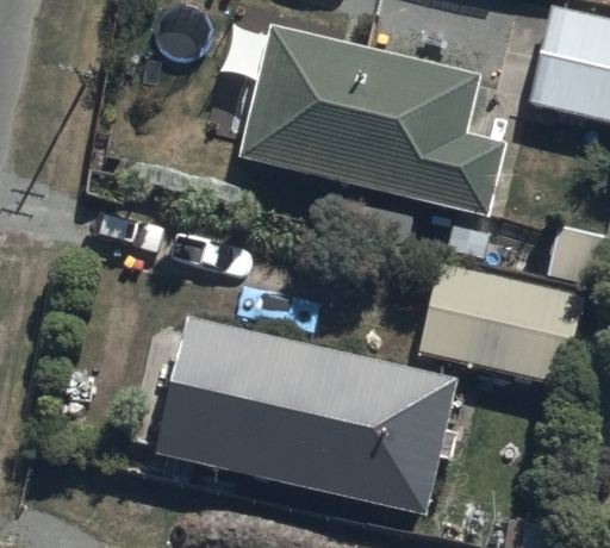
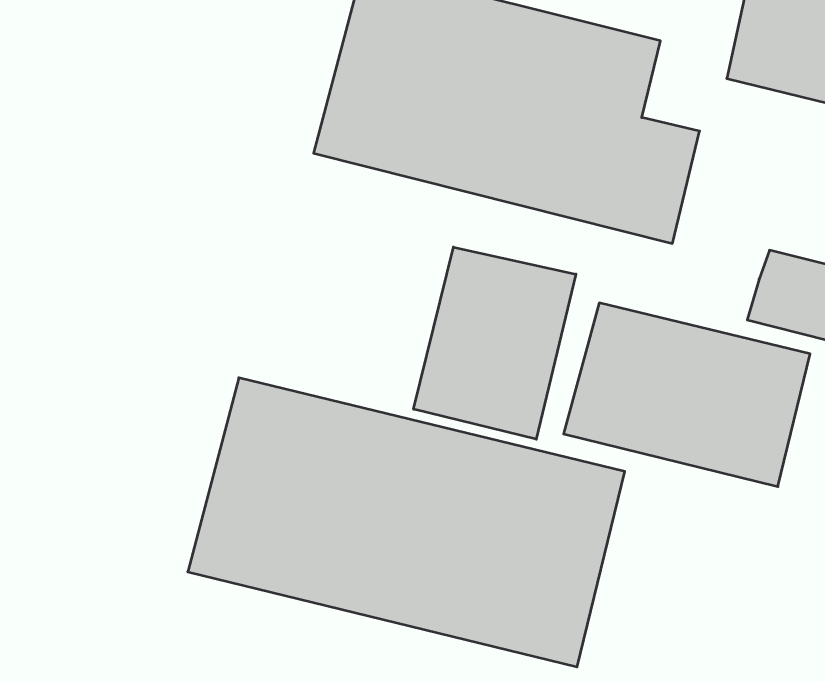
building: none -> [414,247,576,439]

